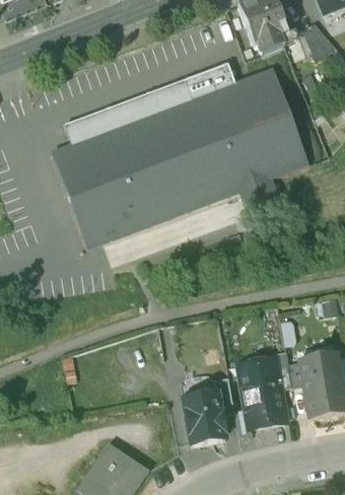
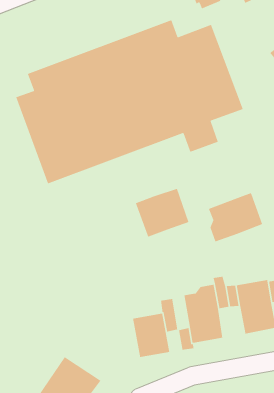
building: none -> [135,188,190,238]
building: none -> [208,192,263,242]

